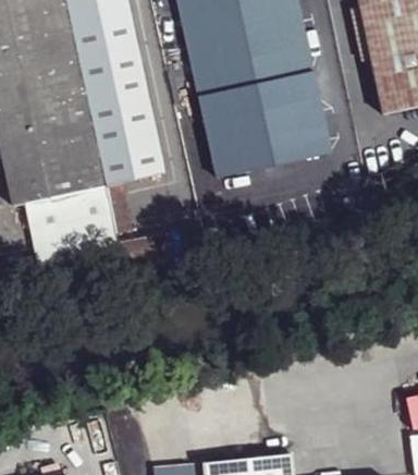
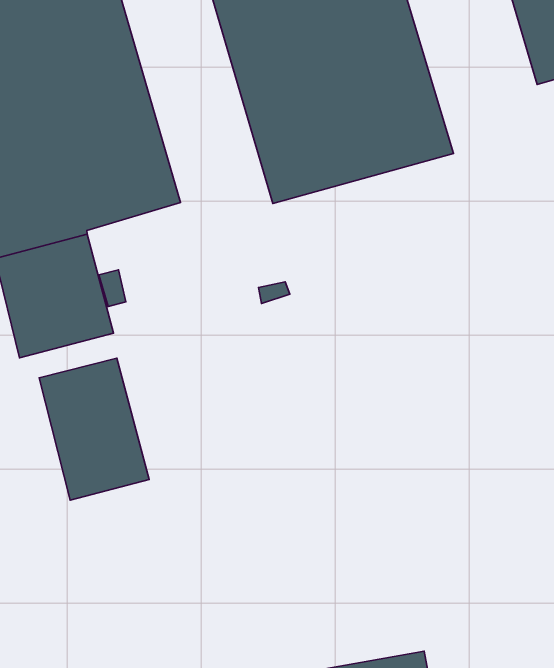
building: none -> [39,358,149,500]

